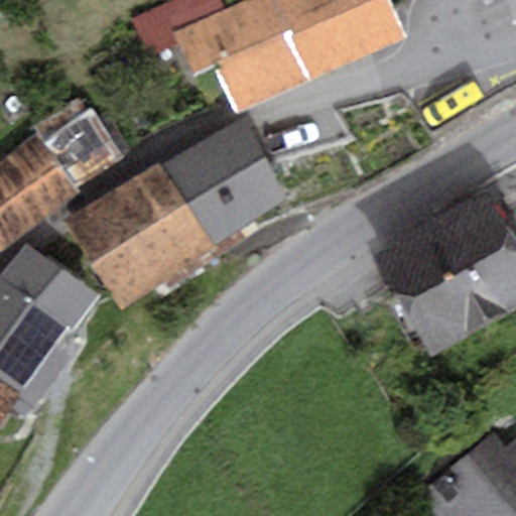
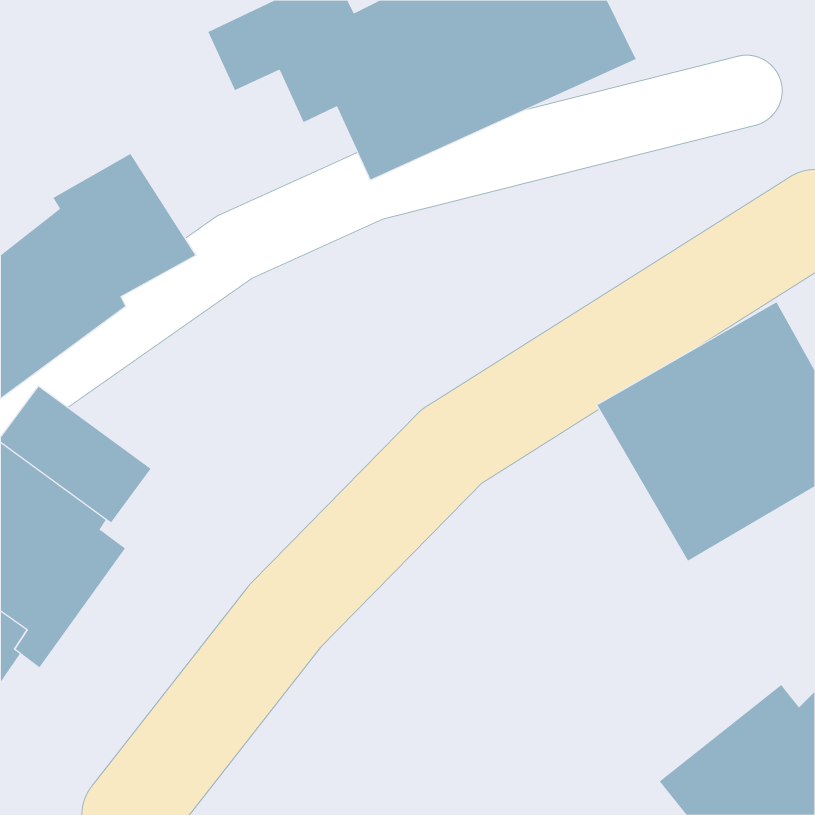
building: [62,120,285,310] -> none

